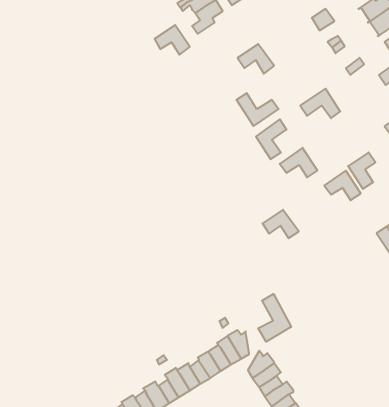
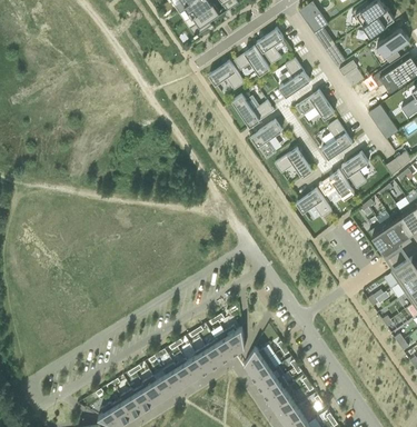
building: none -> [256,28,284,64]
building: [155,25,190,55] -> [209,61,244,90]
building: none -> [279,59,309,97]
building: none -> [321,120,353,159]
building: [262,210,299,238] -> [296,189,331,217]
building: [258,294,291,342] -> none

